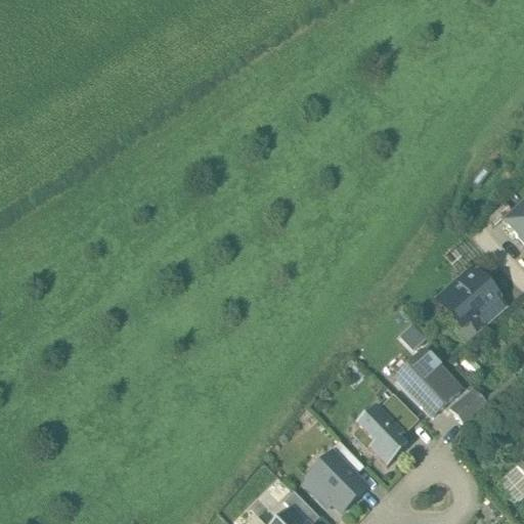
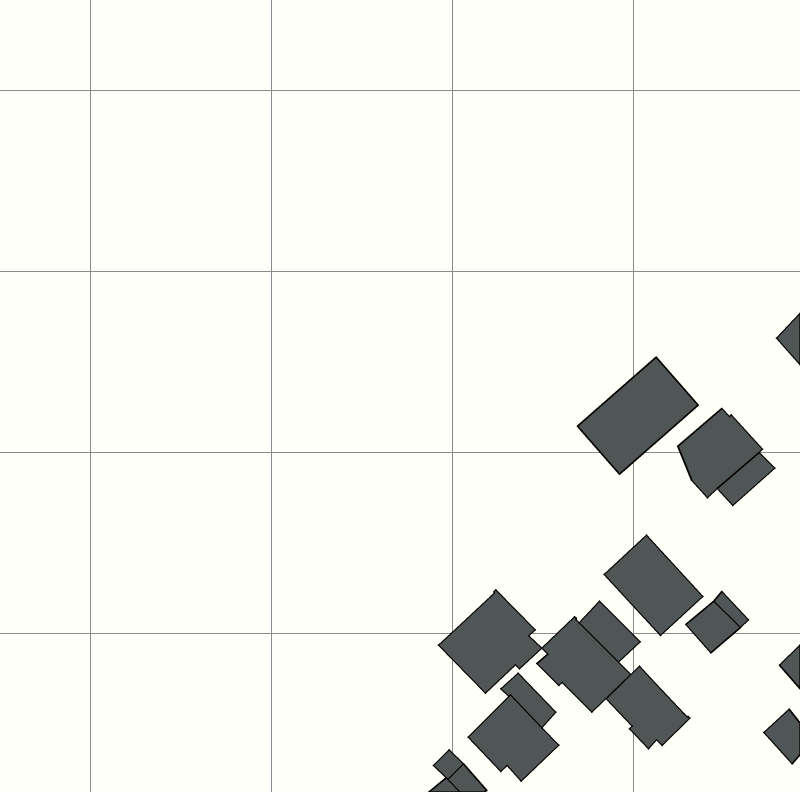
building: none -> [577,357,698,474]
building: none -> [439,590,542,693]
building: none -> [606,666,690,749]

